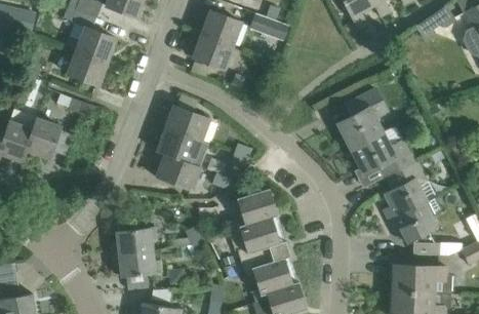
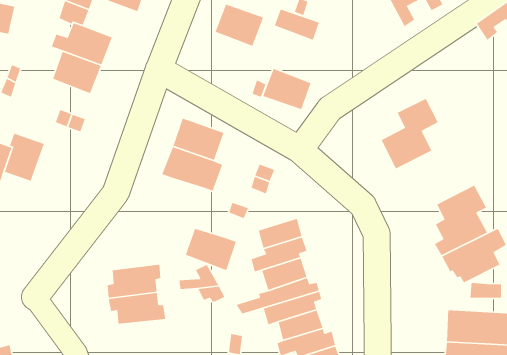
building: [192,34,233,69] -> [262,68,312,110]
building: [351,132,413,178] -> none
building: [157,155,200,191] -> [185,228,237,271]

